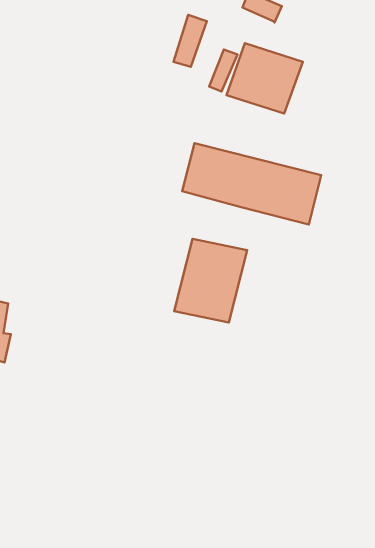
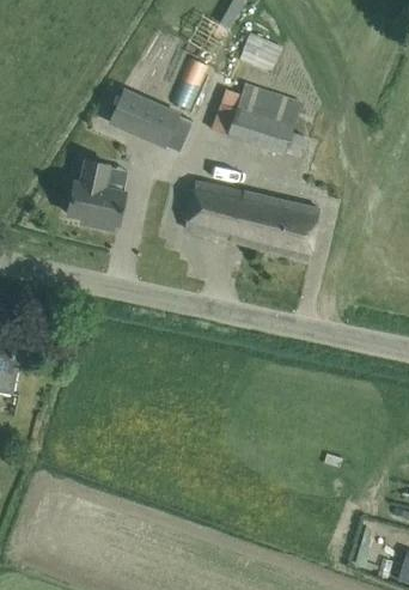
building: none -> [110,90,194,145]
building: none -> [67,158,124,227]
building: [174,239,247,323] -> none

